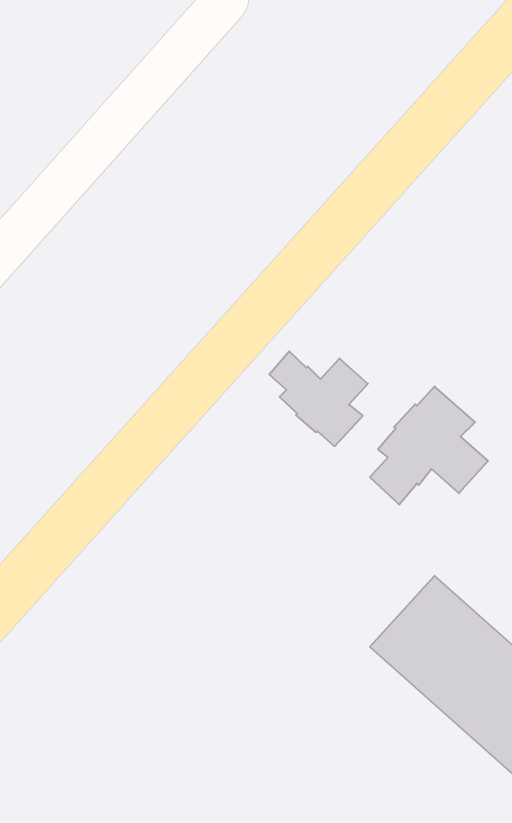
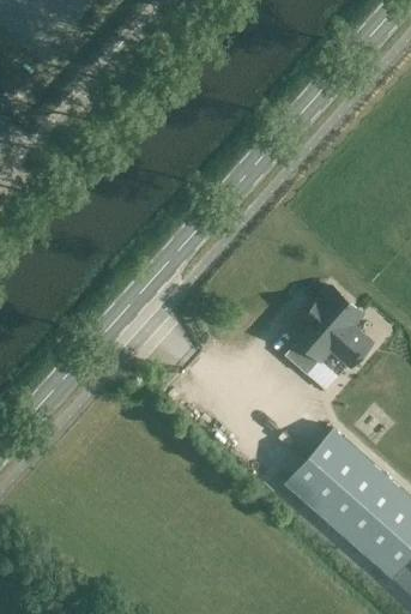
building: [269,351,368,446] -> none

